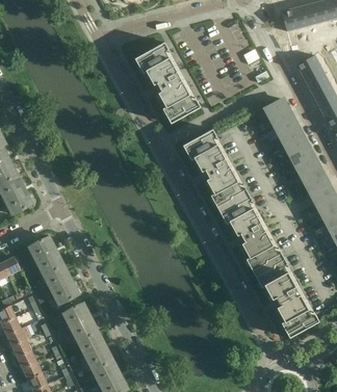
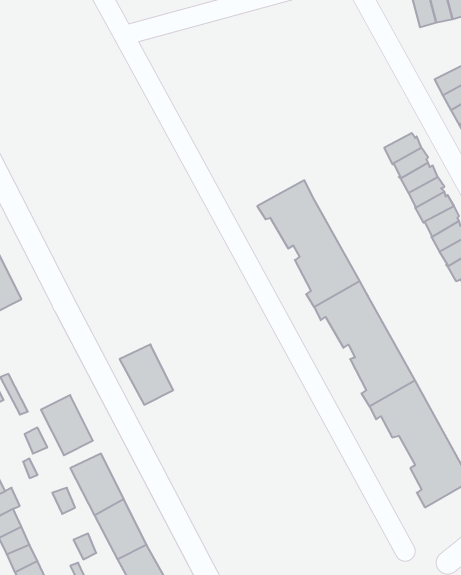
building: [134,43,200,124] -> none
building: [28,237,62,276] -> [120,344,173,405]

